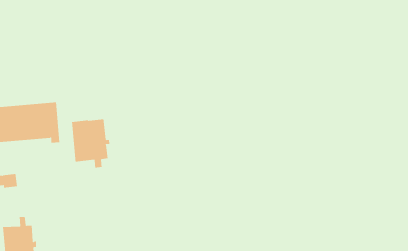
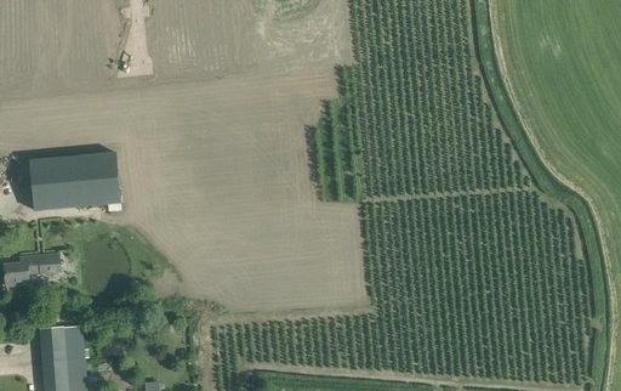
building: [72,119,110,169] -> none

